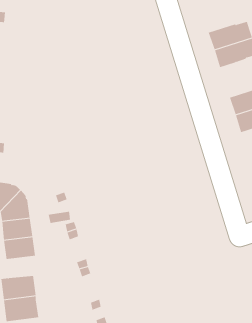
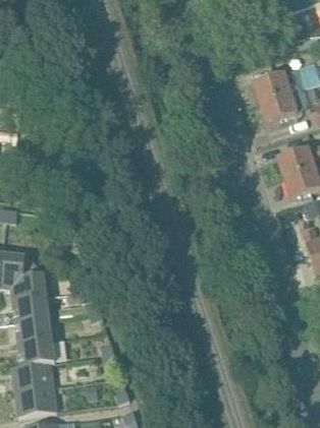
building: none -> [17,339,54,364]

